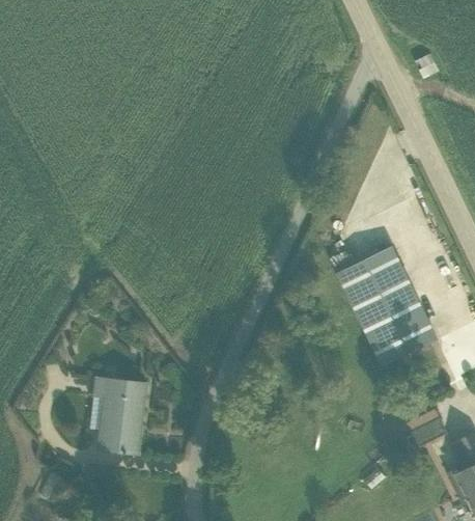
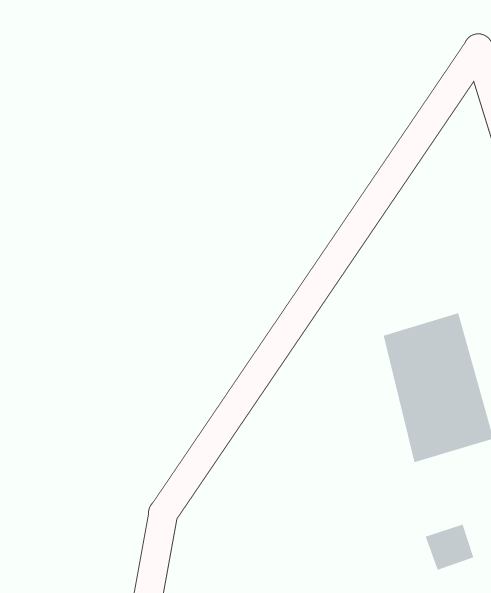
building: [92,378,147,455] -> none

